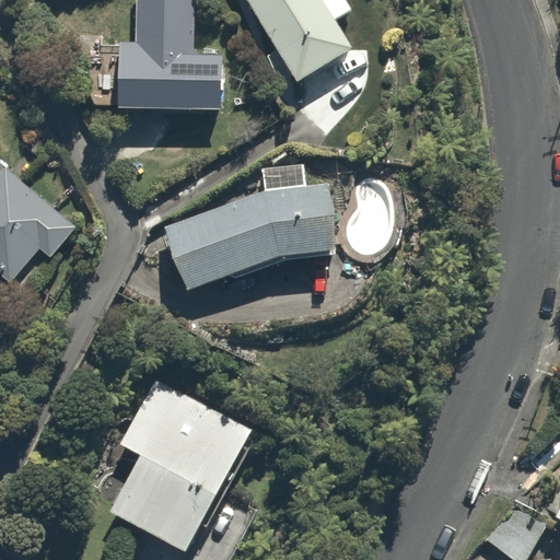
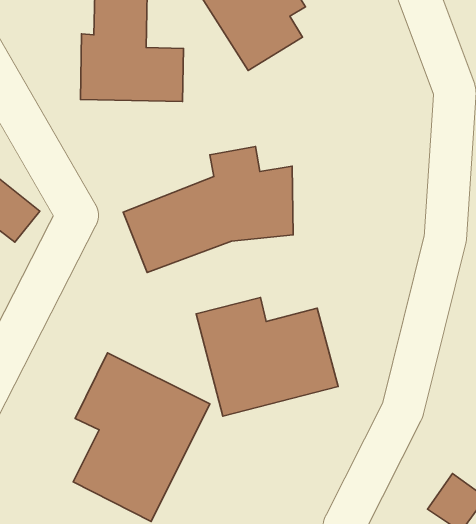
building: none -> [196,298,338,416]

